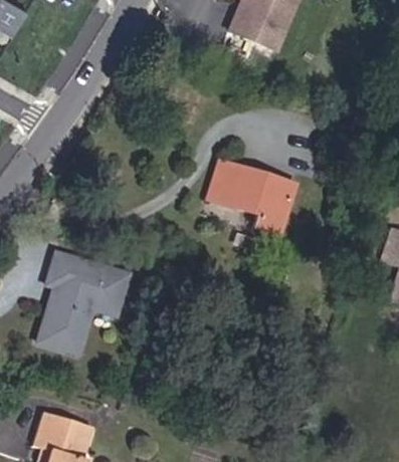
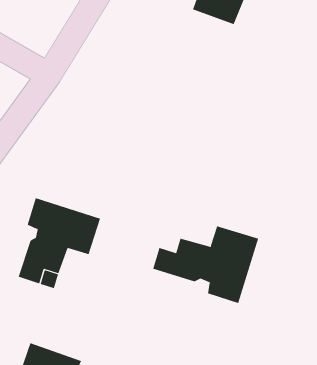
building: [217,170,303,242] -> none
building: none -> [153,225,259,304]

